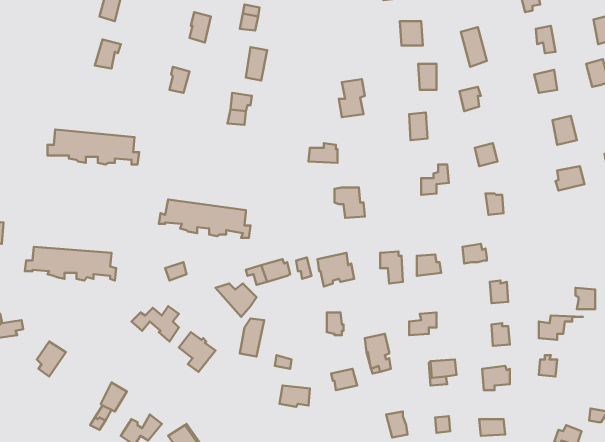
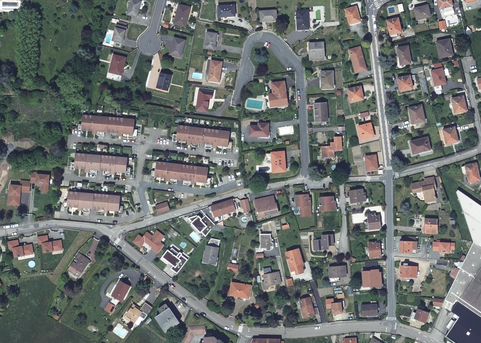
building: none -> [172,123,232,149]
building: none -> [71,153,130,174]
building: none -> [411,177,436,201]

